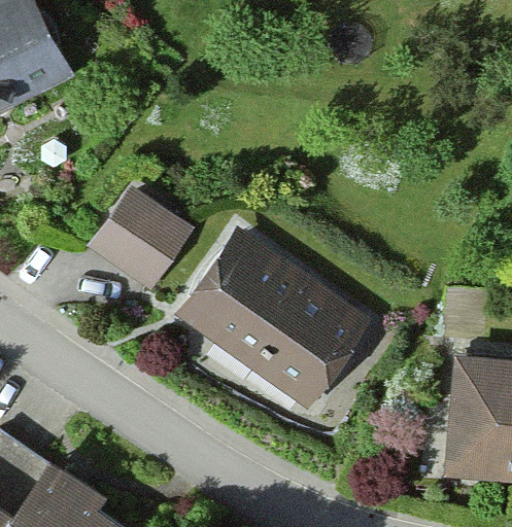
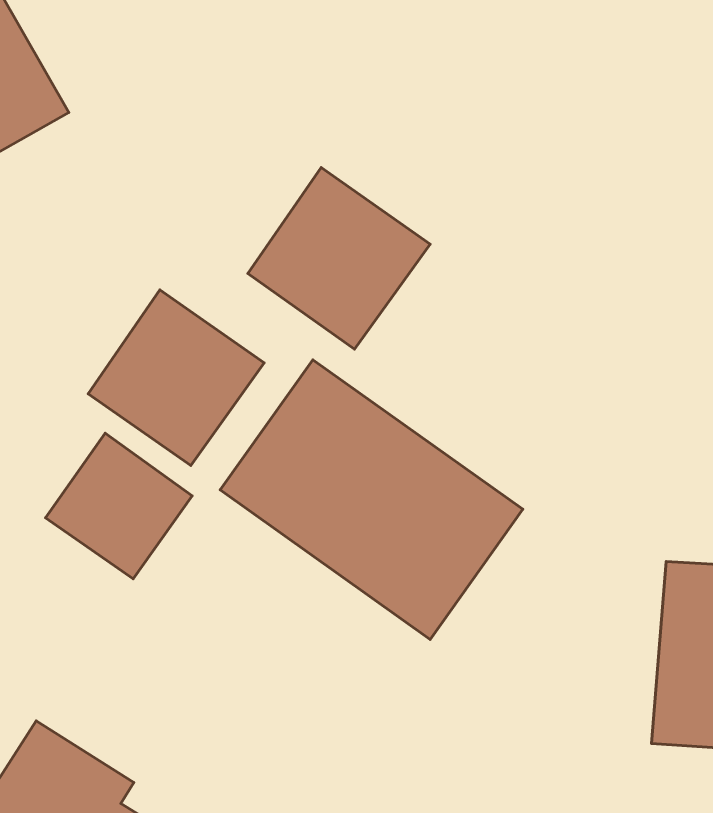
building: none -> [248,168,430,349]
building: none -> [45,433,192,579]

